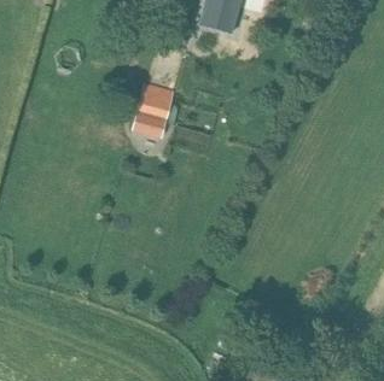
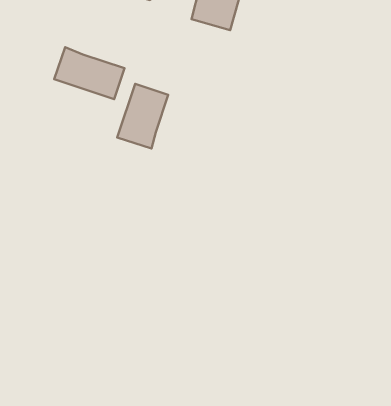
building: none -> [54,47,124,99]

